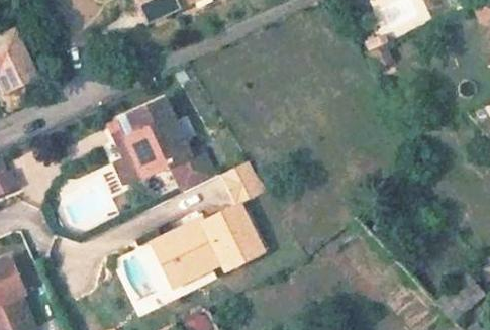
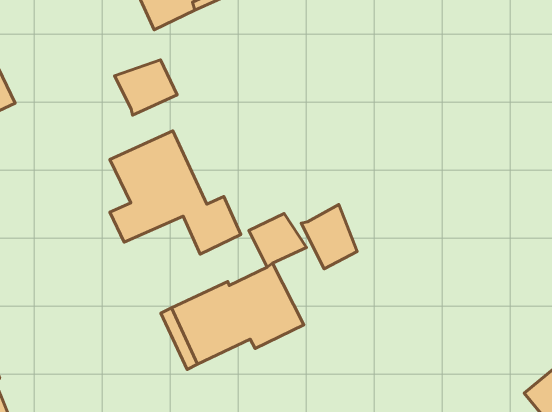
building: none -> [114,60,177,115]
building: none -> [301,205,357,269]

